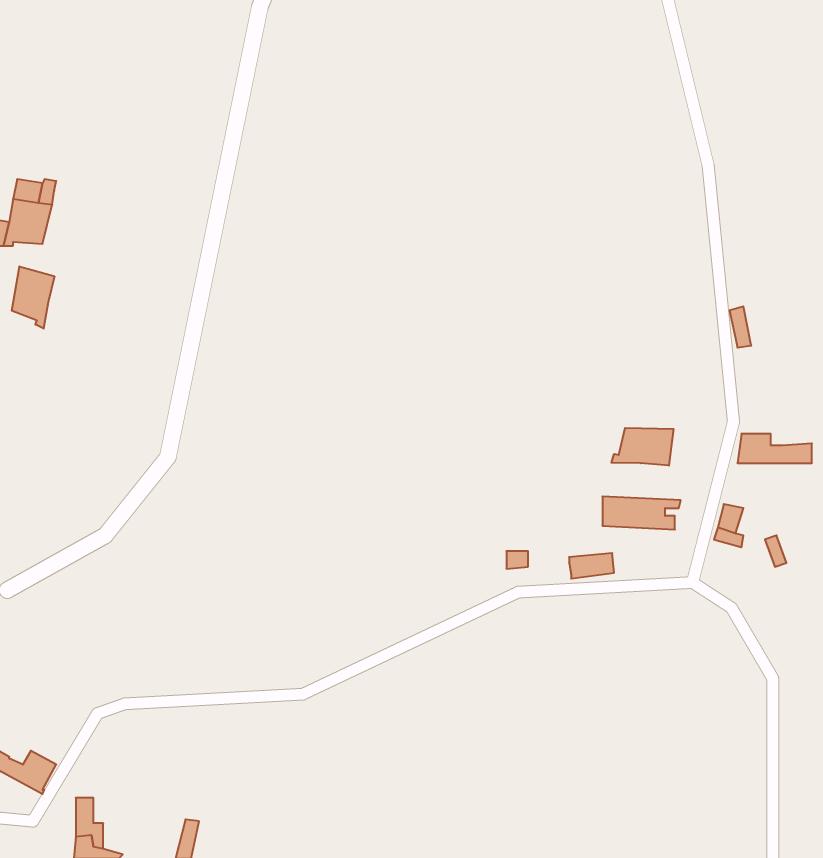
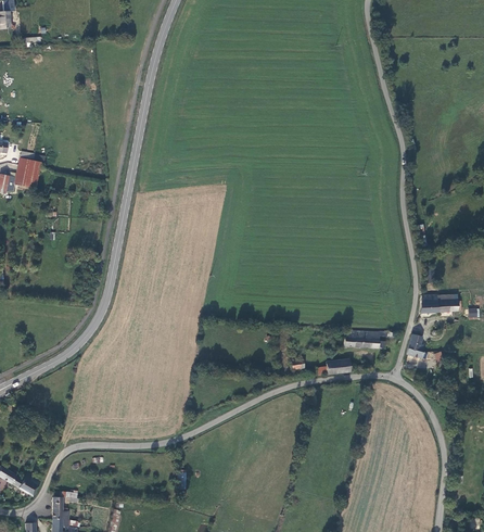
building: [12,266,54,329] -> none
building: [611,428,673,466] -> none

